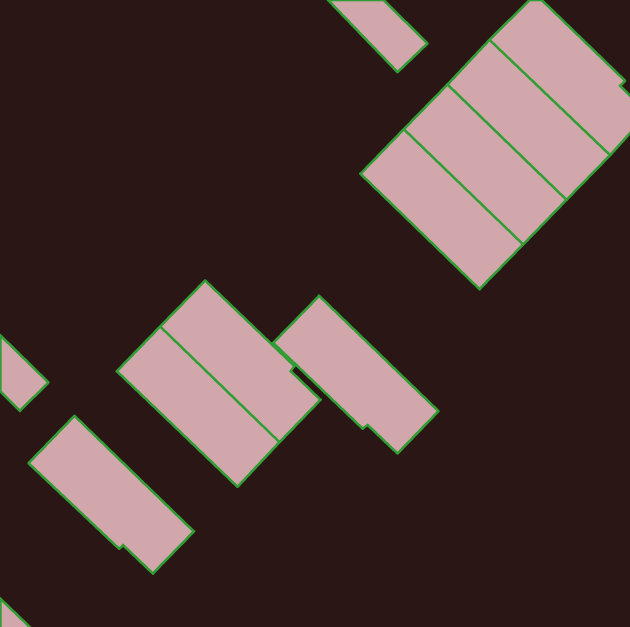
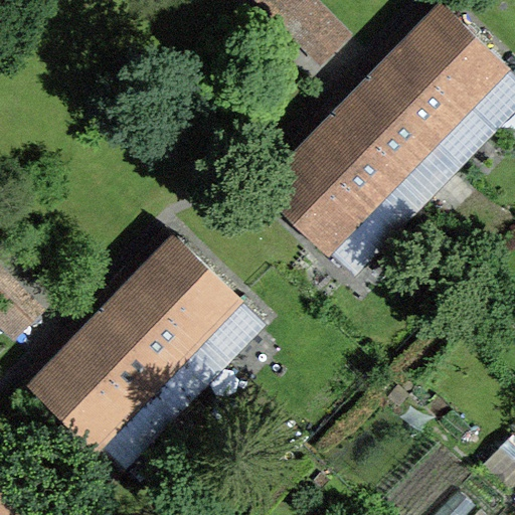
building: [273,296,438,453] -> [259,147,392,275]
building: none -> [64,307,196,437]

